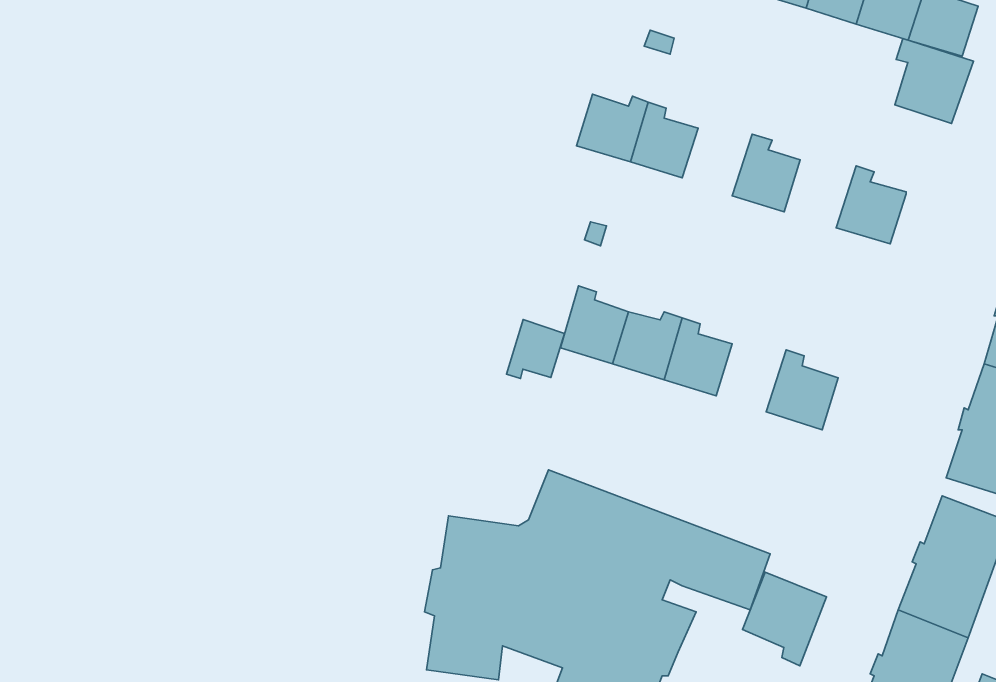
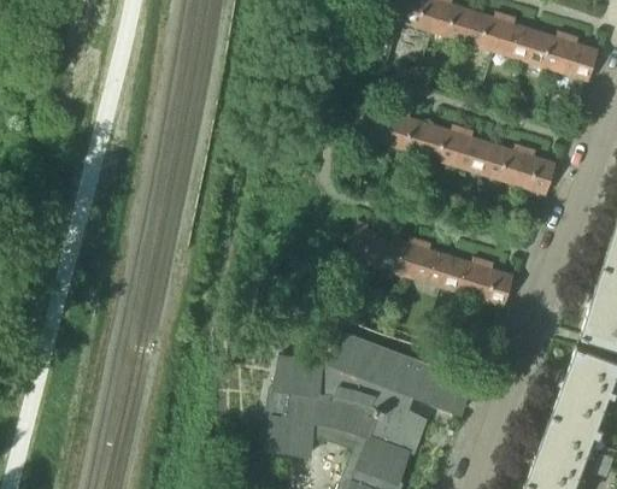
building: [895,38,973,123] -> none
building: none -> [422,124,464,165]
building: none -> [483,143,527,184]
building: [506,320,565,378] -> none
building: none -> [442,254,484,295]
building: [742,572,826,666] -> none

